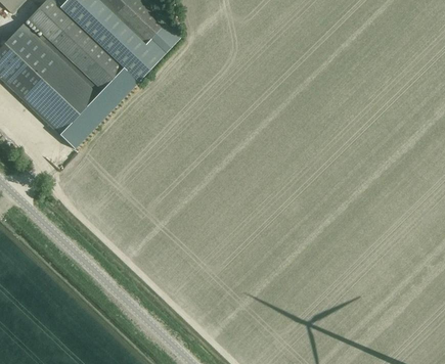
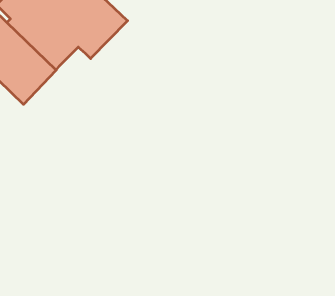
building: [58,67,136,147] -> none

